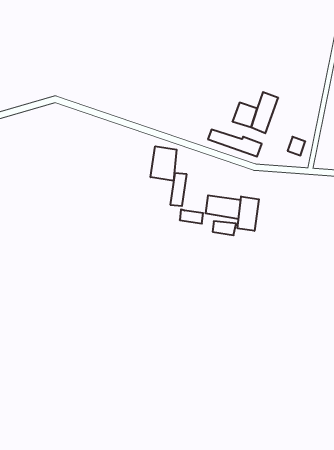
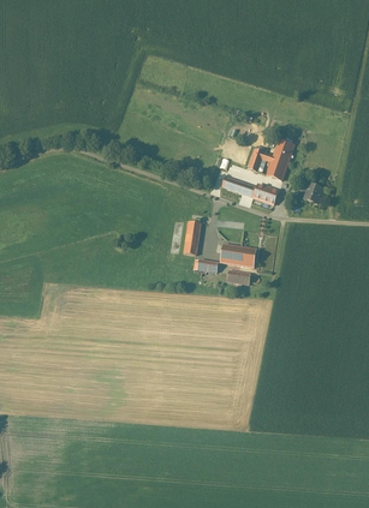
building: [151,146,177,181] -> none
building: [238,196,259,231] -> none

